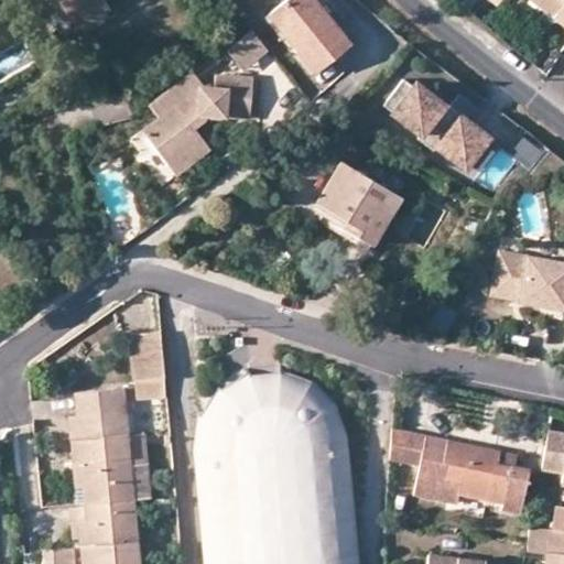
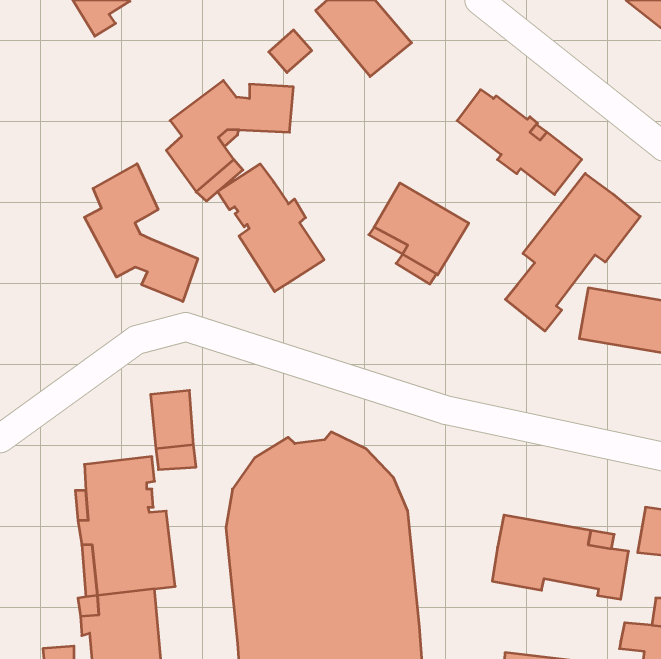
building: none -> [84,164,198,302]
building: none -> [217,164,324,292]
building: none -> [505,173,640,331]
building: [393,435,430,468] -> none

